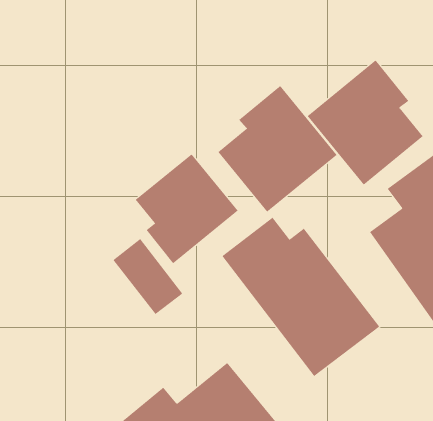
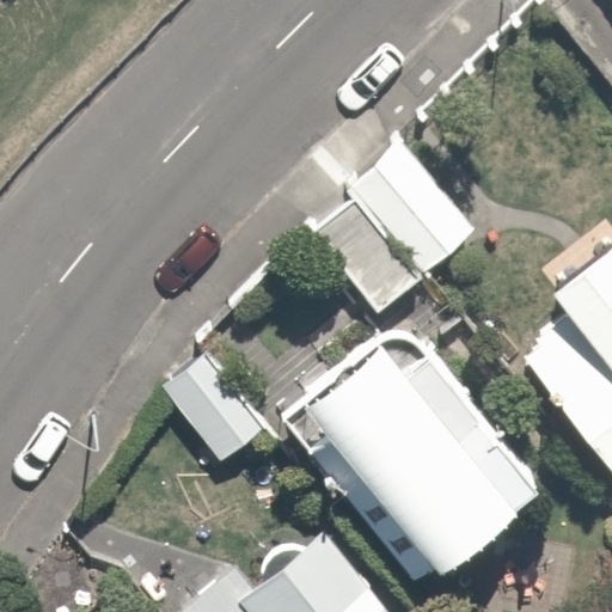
building: [307,59,423,185] -> none
building: [135,153,239,264] -> none

